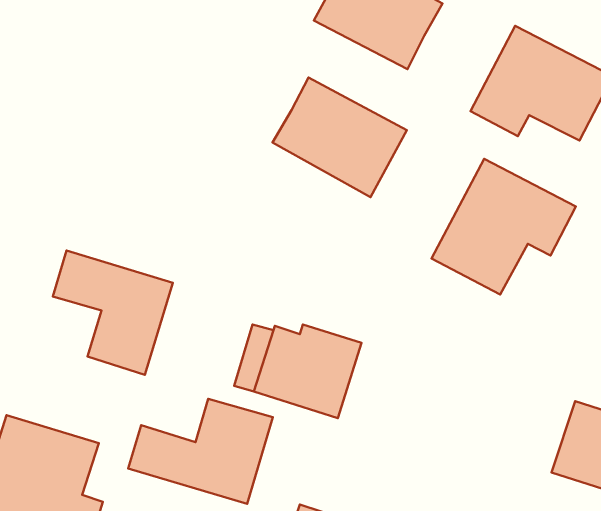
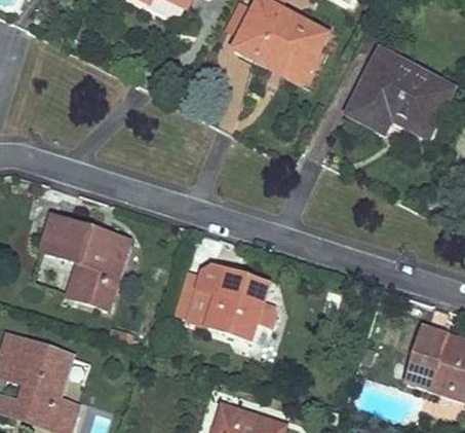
building: [272,77,407,197] -> none
building: [431,159,576,295] -> none
building: [128,399,273,504] -> none

